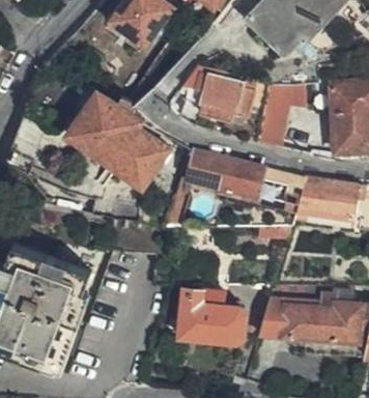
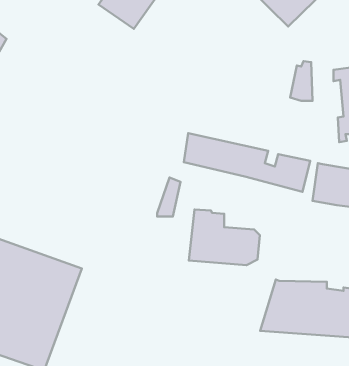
building: [186,67,253,121] -> none
building: [256,83,292,148] -> none
building: [67,92,168,187] -> none
building: [179,289,246,341] -> [189,210,260,265]

